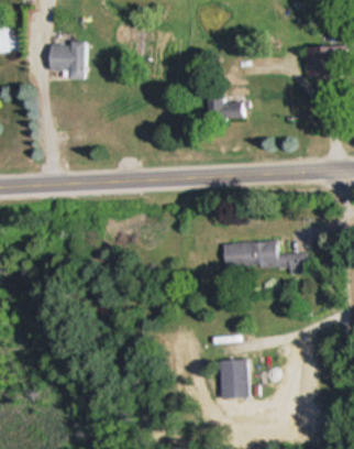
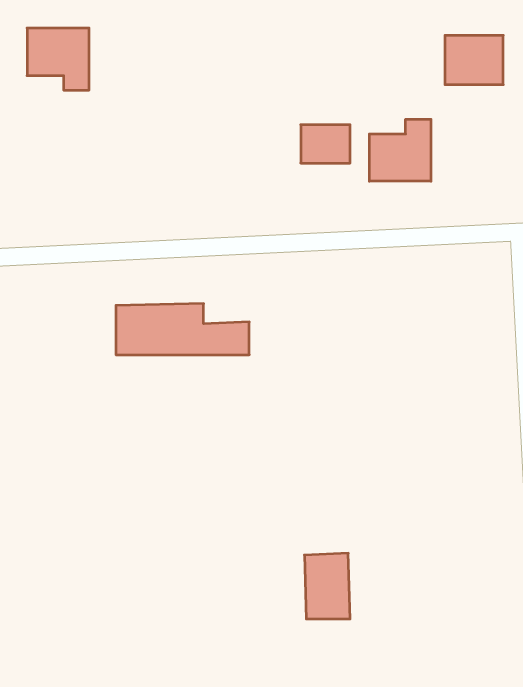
building: none -> [369,119,431,181]
building: [221,240,301,271] -> [116,304,249,355]

